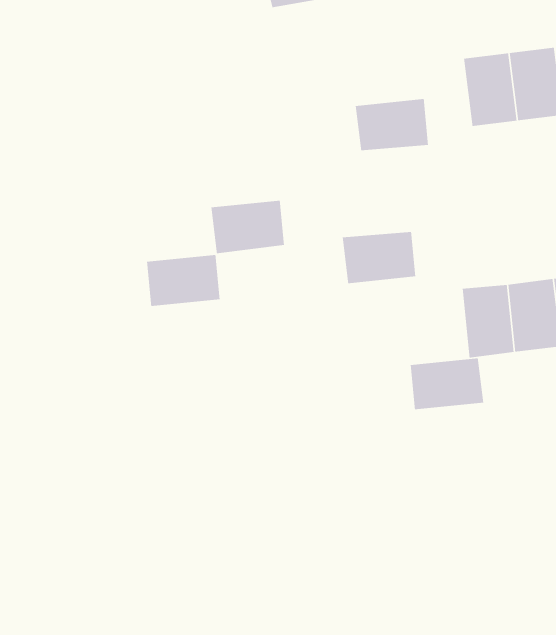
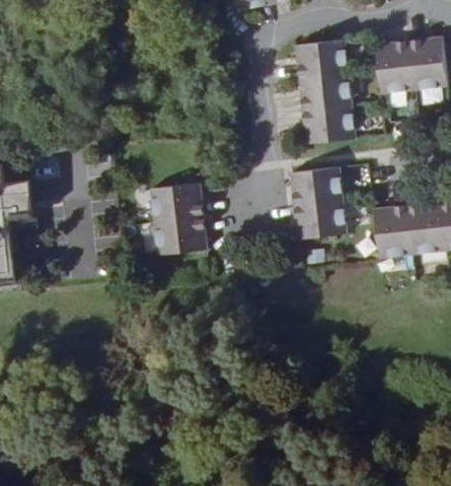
building: none -> [296,41,349,78]
building: none -> [303,107,355,144]
building: [210,200,285,254] -> [154,216,207,255]
building: [410,357,484,410] -> [294,200,347,237]

